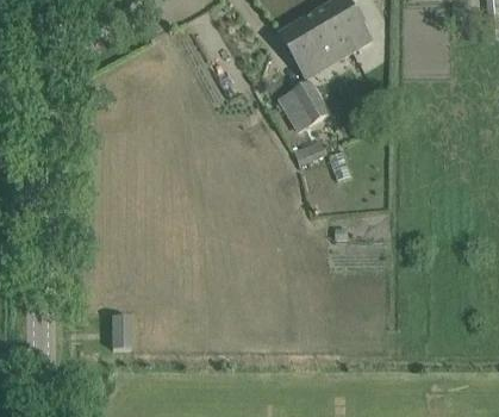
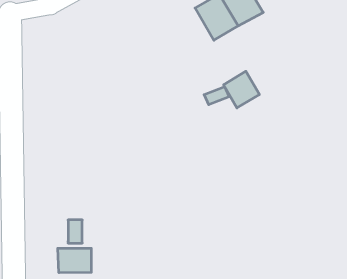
building: [280,81,328,130] -> [224,71,259,108]
building: none -> [58,248,91,273]

